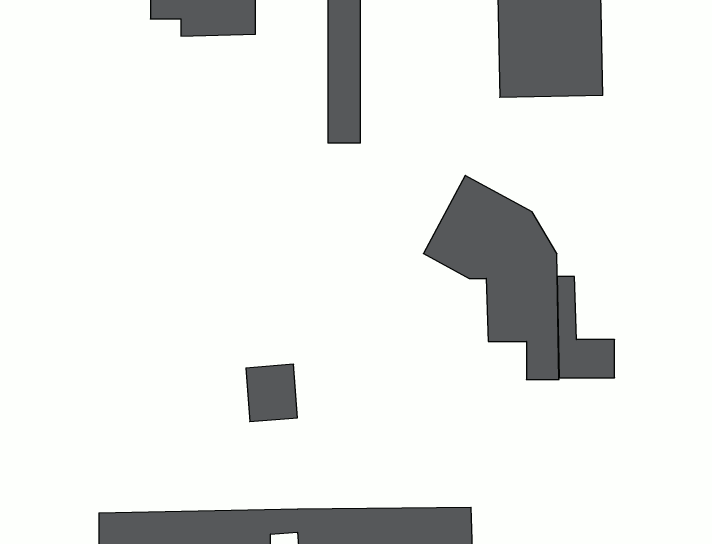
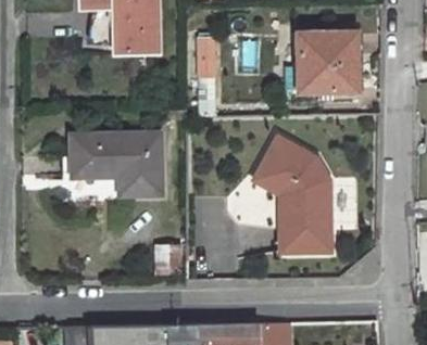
building: none -> [71,135,165,197]
building: [557,277,615,378] -> [280,193,313,251]

